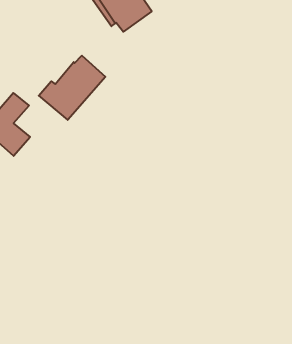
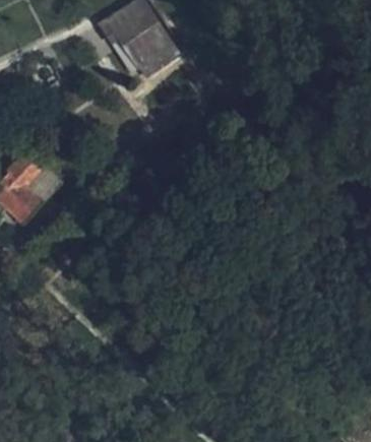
building: [39,56,105,120] -> none

